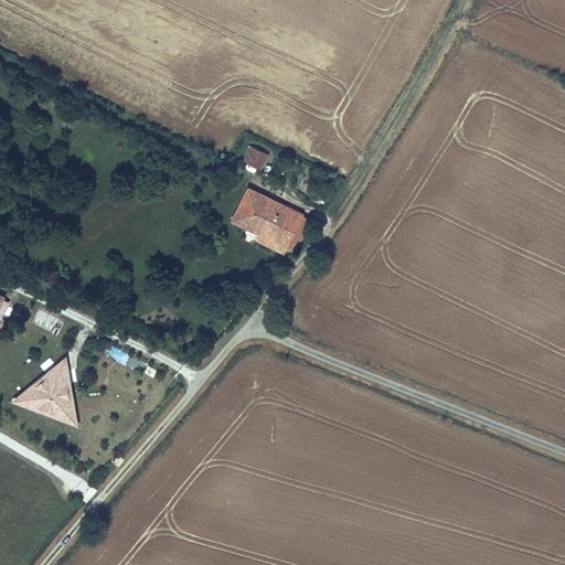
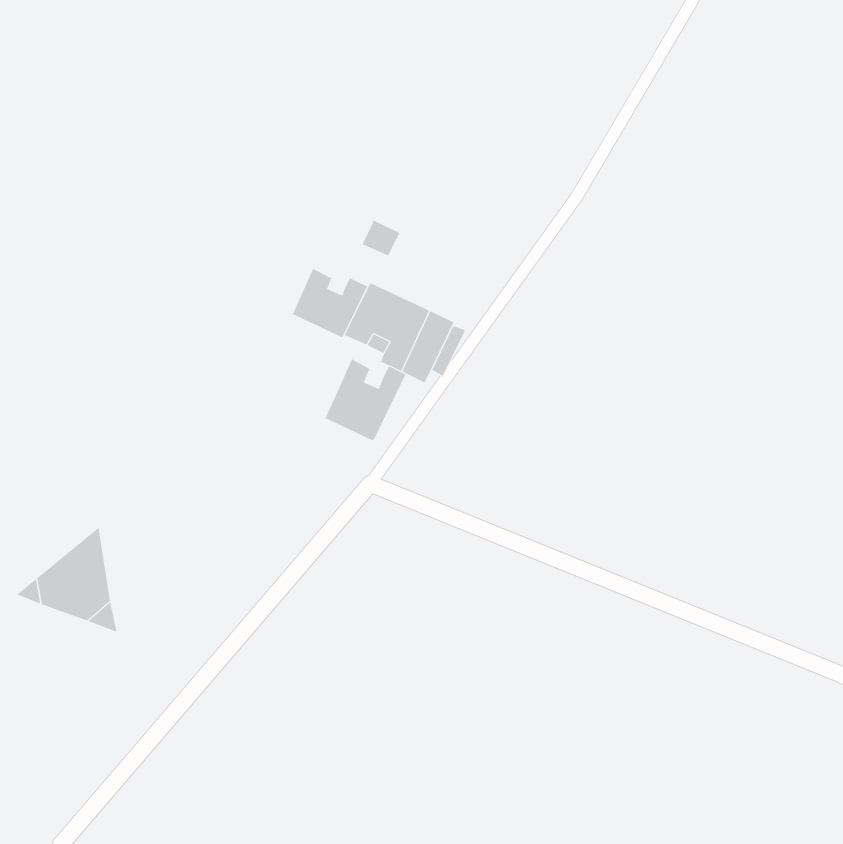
building: none -> [292,268,368,338]
building: none -> [325,359,406,442]

